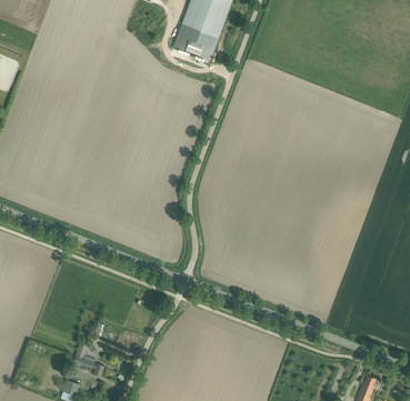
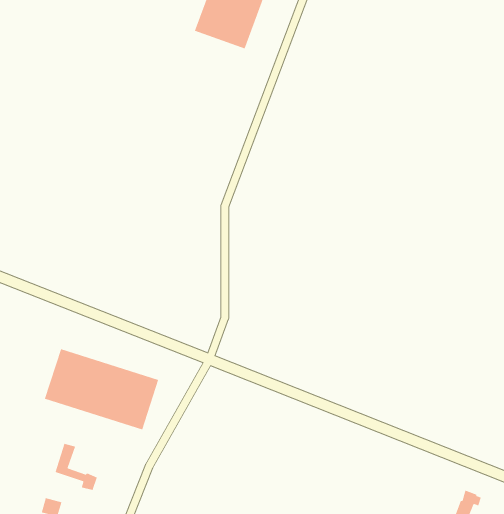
building: none -> [44,348,159,431]

